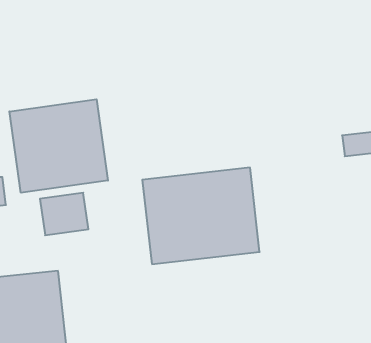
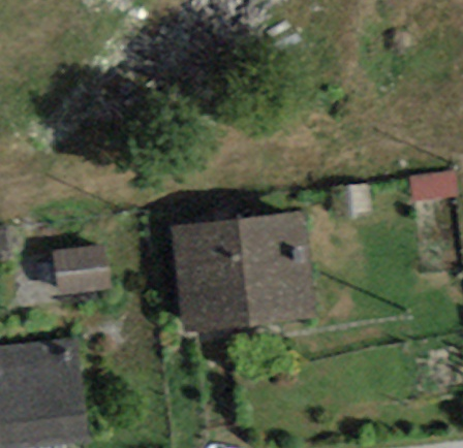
building: [9,99,108,193] -> none

